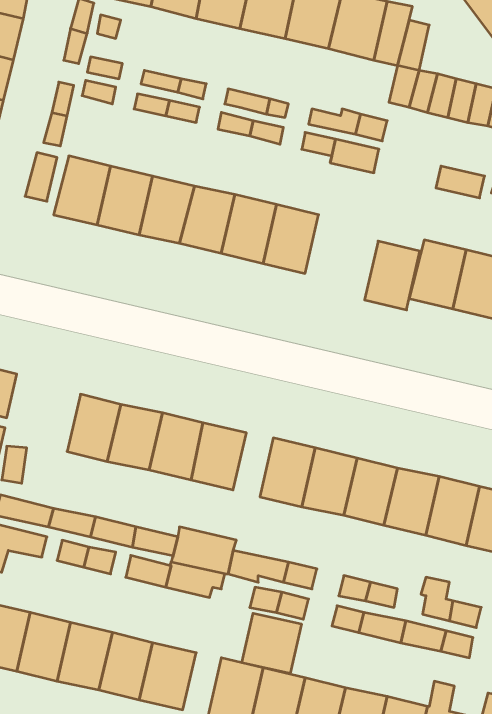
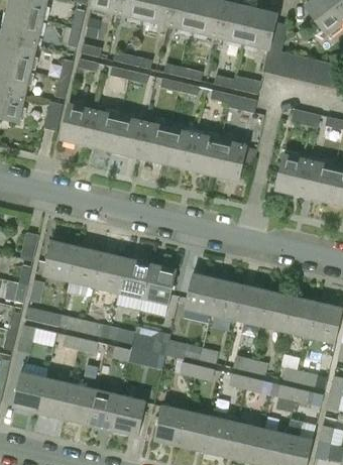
building: [365,241,420,310] -> [212,139,245,181]
building: none -> [42,241,77,281]
building: [242,613,301,673] -> none

